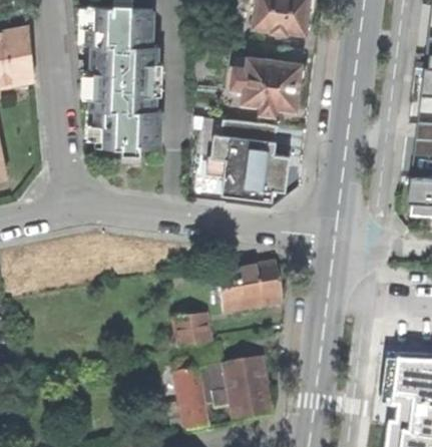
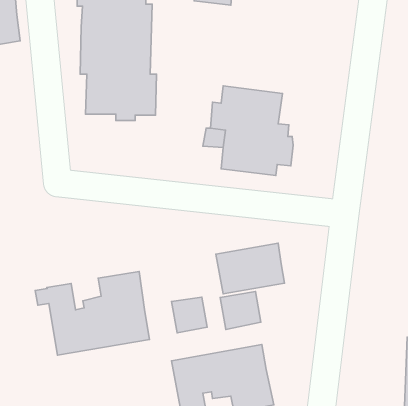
building: [231,57,303,114] -> none
building: none -> [35,272,150,355]
building: none -> [220,291,261,329]

